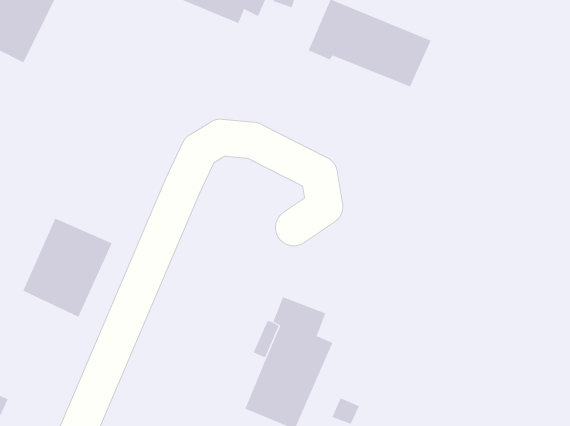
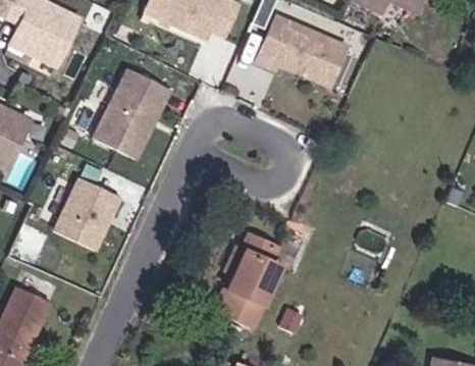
building: none -> [94,68,170,159]

